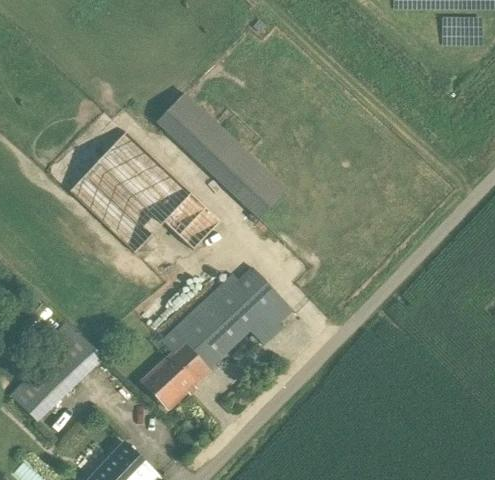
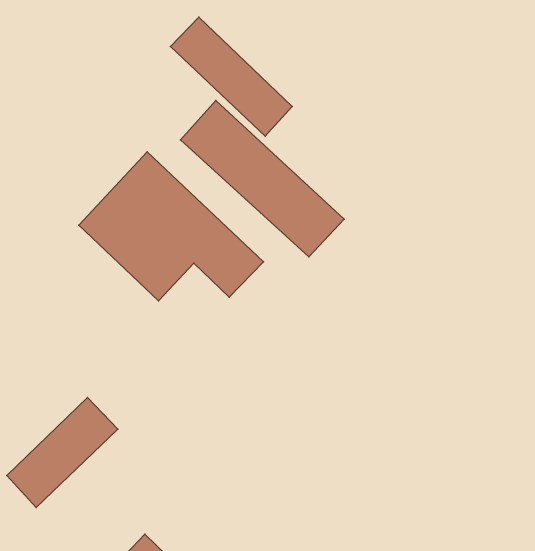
building: none -> [171,17,292,136]
building: [142,267,292,409] -> none

